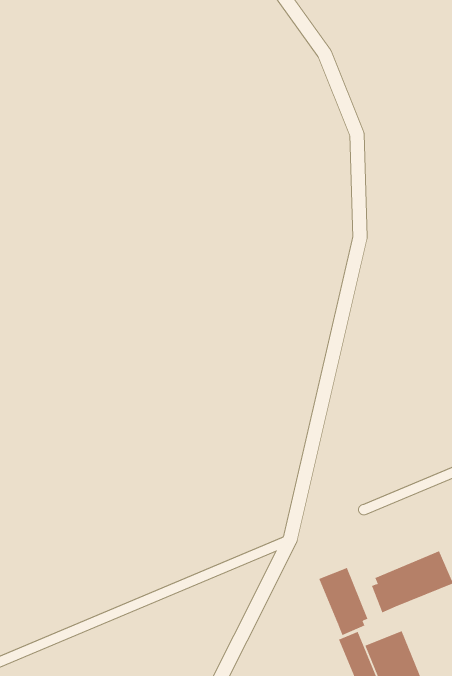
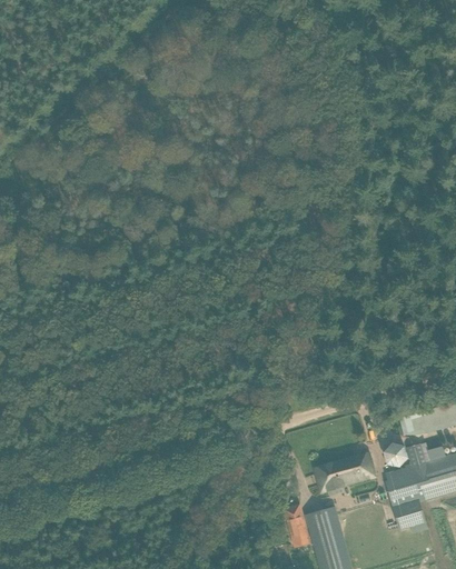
building: [319,567,368,636] -> none

